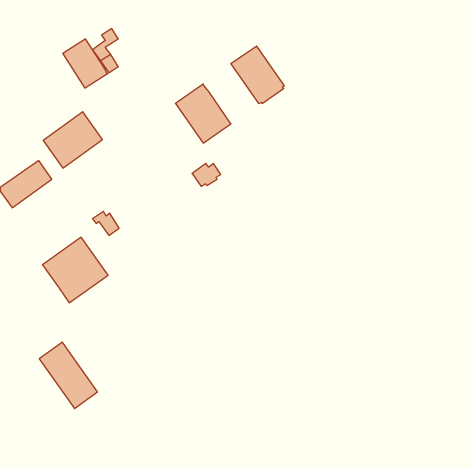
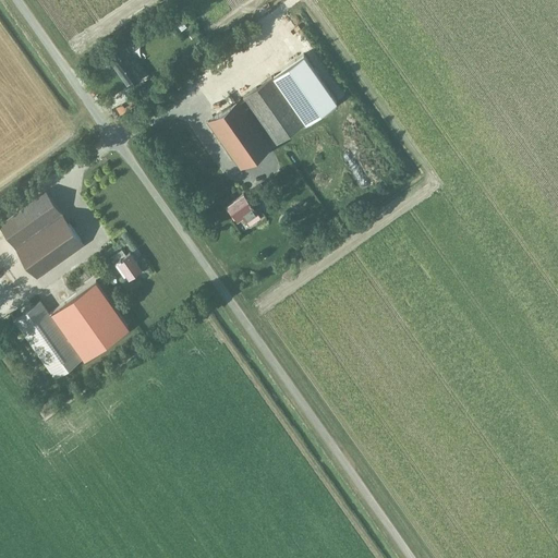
building: [63,39,108,88] -> none
building: none -> [242,81,304,146]
building: [43,112,102,168] -> [15,215,85,281]
building: [39,342,97,409] -> [14,302,83,380]

